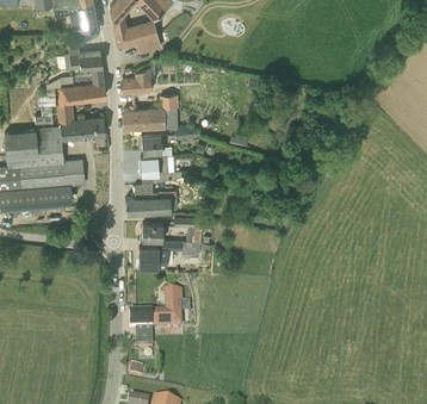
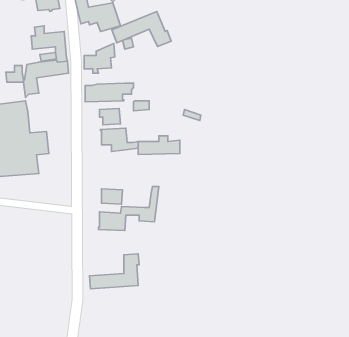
building: none -> [112,12,171,47]
building: [58,118,105,139] -> none
building: [125,193,171,213] -> [138,136,180,155]

